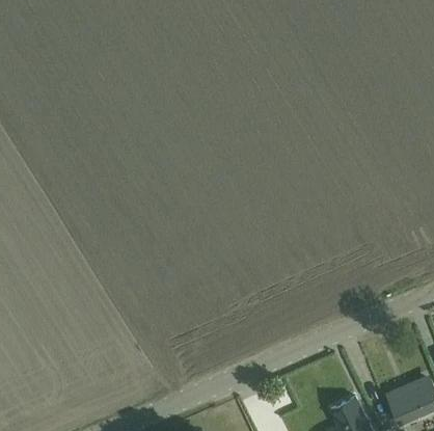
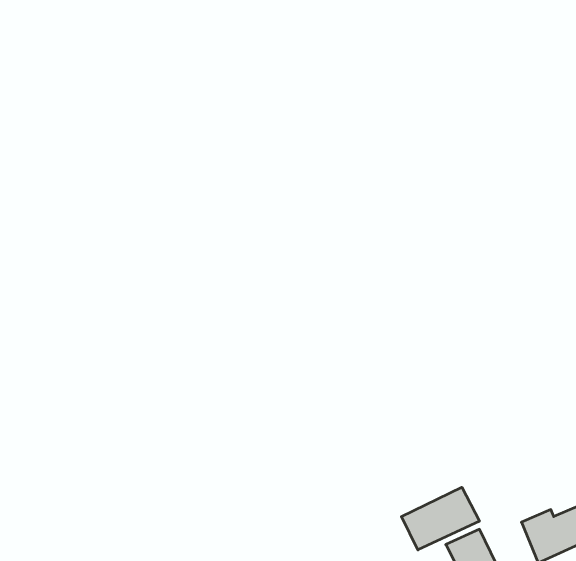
building: none -> [401,487,479,550]

